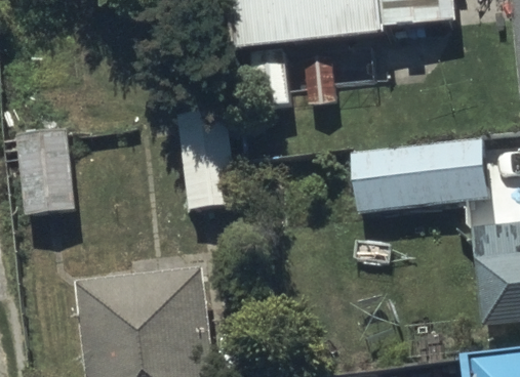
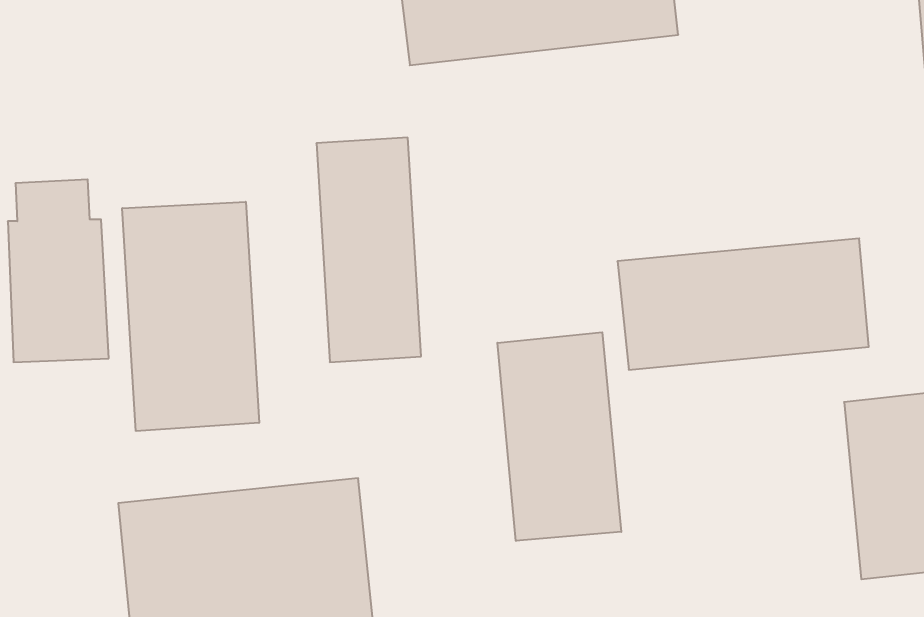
building: none -> [122,202,259,431]
building: none -> [497,332,621,541]

